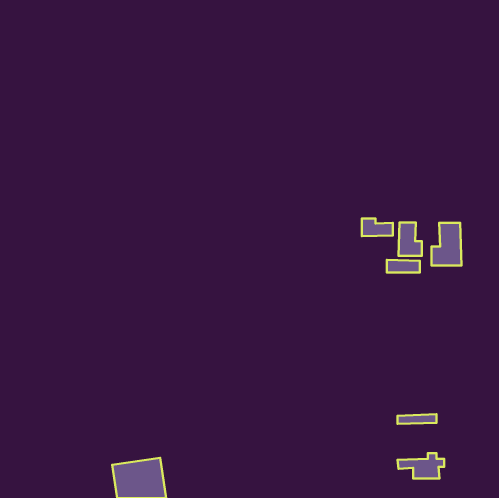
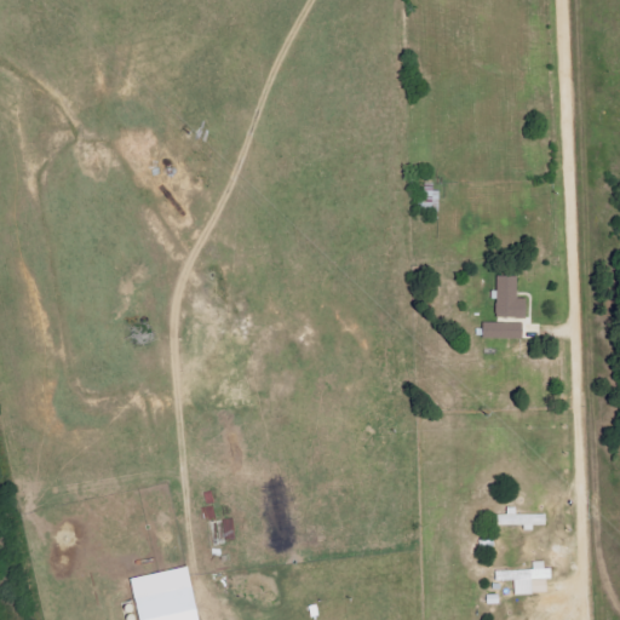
building: [362,218,393,236] -> none
building: [432,223,461,265] -> none

